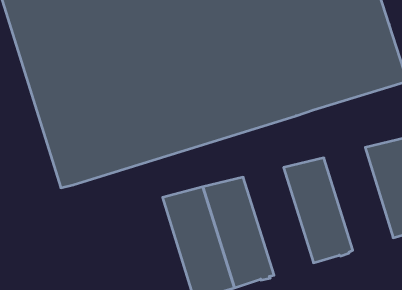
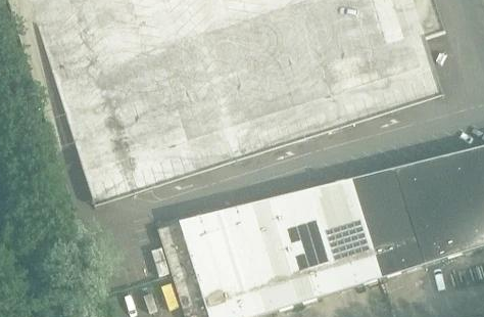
building: none -> [362,163,436,272]
building: none -> [277,184,351,299]

